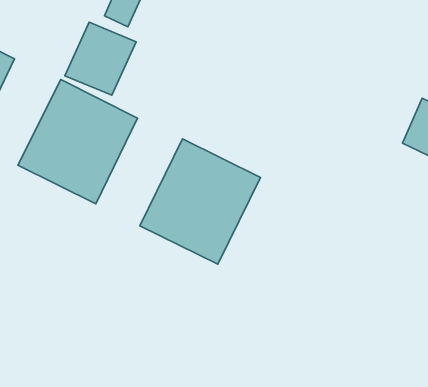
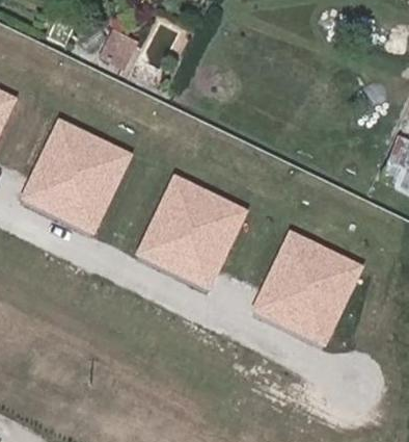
building: [65,22,136,95] -> none
building: none -> [249,230,363,347]

